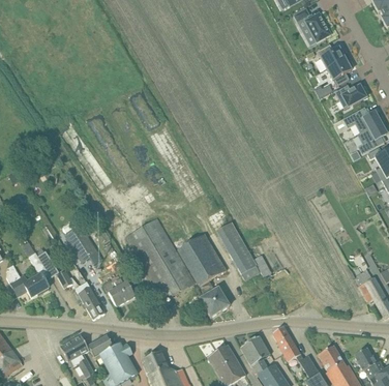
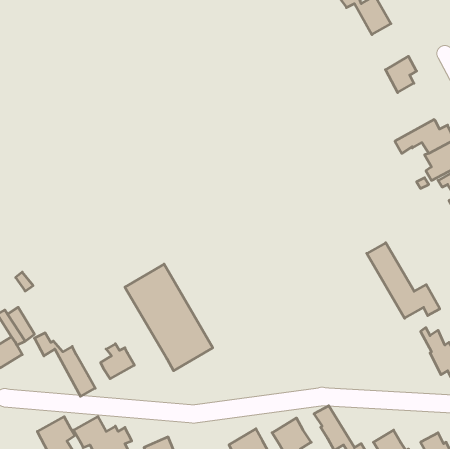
building: [317,43,346,68] -> none
building: [334,84,368,109] -> none
building: [216,221,272,279] -> [367,243,440,318]
building: [65,224,98,262] -> none
building: [178,234,229,317] -> none

